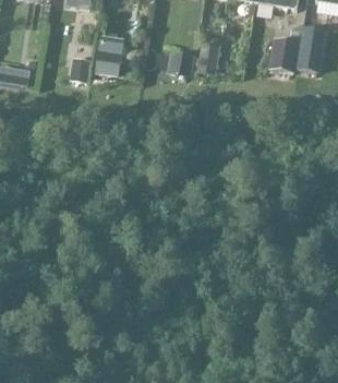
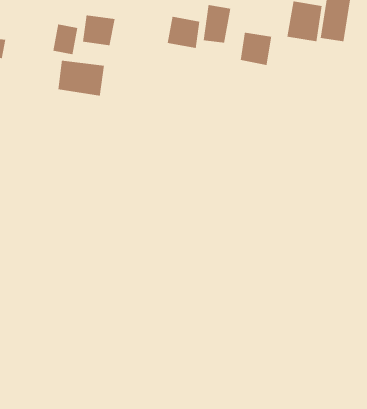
building: none -> [240,32,272,66]
building: none -> [58,60,105,97]

